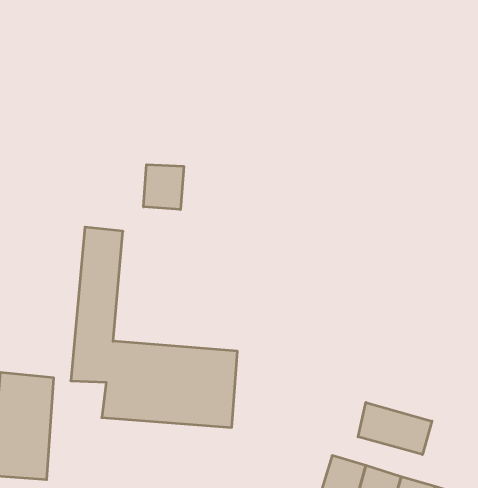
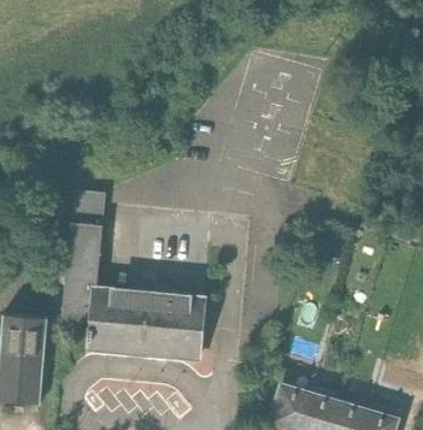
building: [144,165,184,210] -> none
building: [358,402,432,455] -> none

